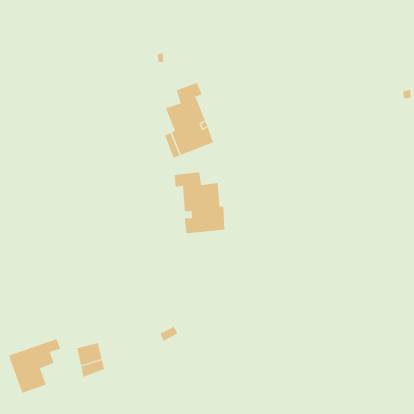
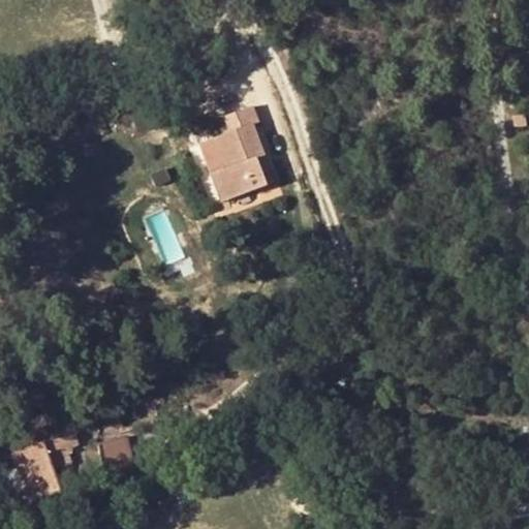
building: [174,171,225,234] -> none

